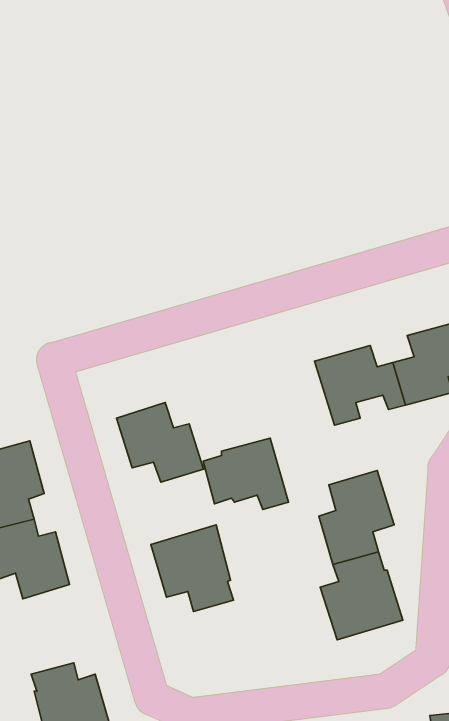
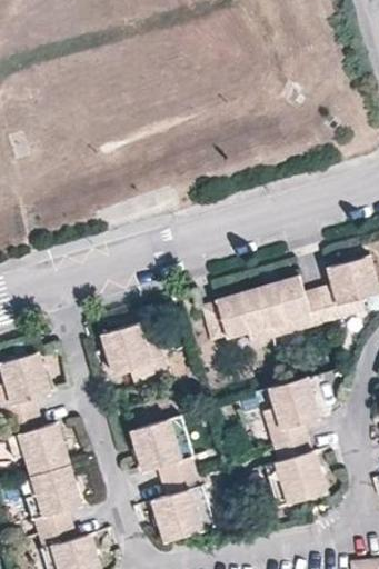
building: [203,438,289,509] -> [206,288,272,343]
building: none -> [24,461,79,531]
building: none -> [151,473,213,541]

